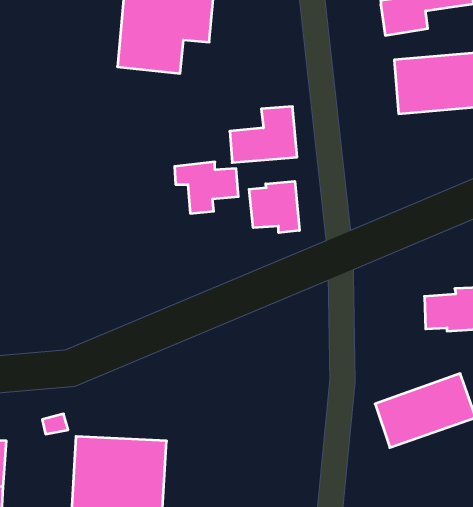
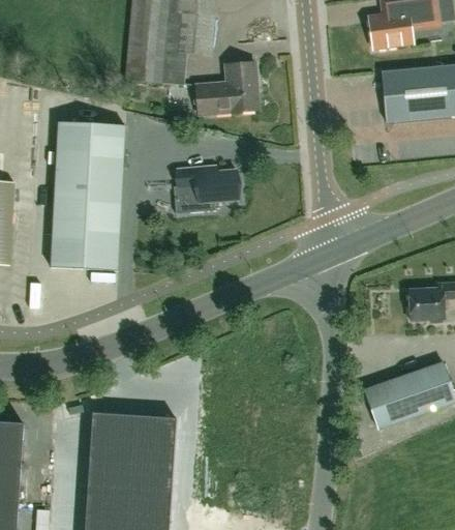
building: [230,107,297,163] -> [196,62,259,114]
building: none -> [51,122,125,271]
building: [249,181,299,233] -> none

